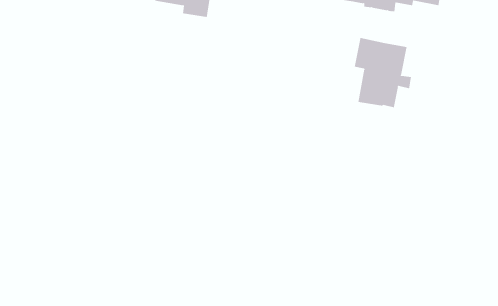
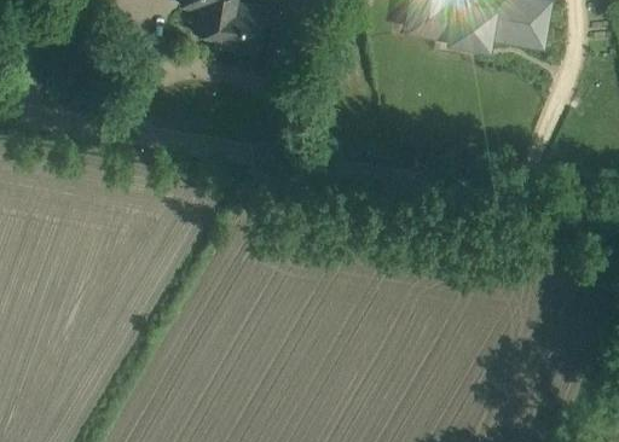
building: [354,37,412,108] -> none

